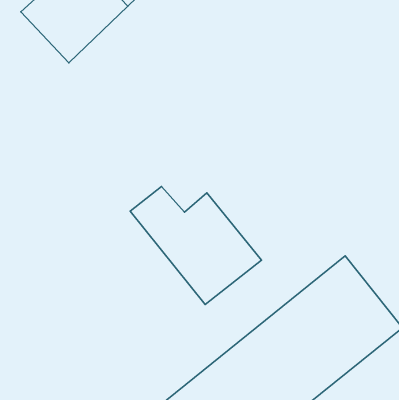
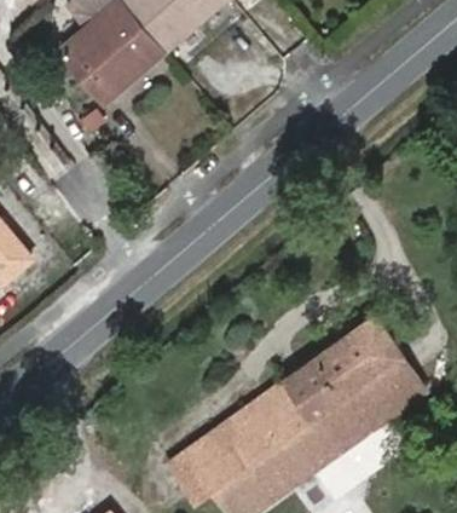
building: [130,186,261,304] -> none

